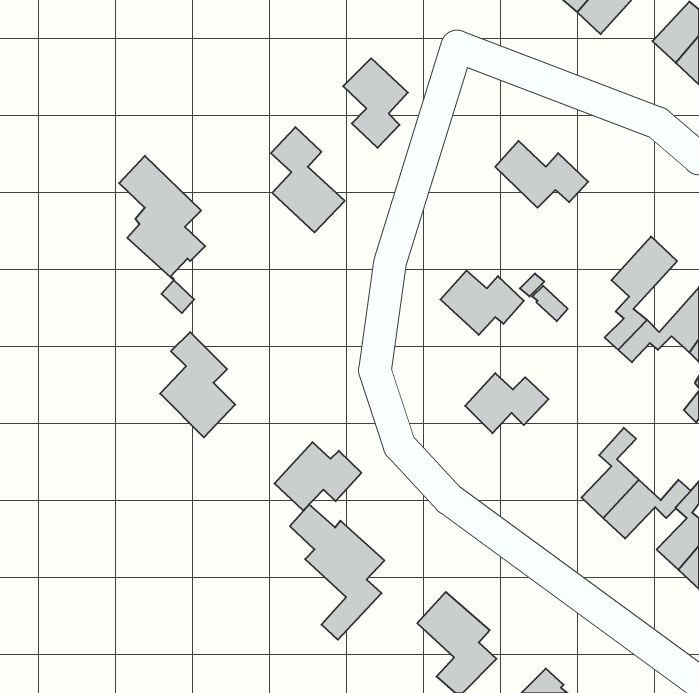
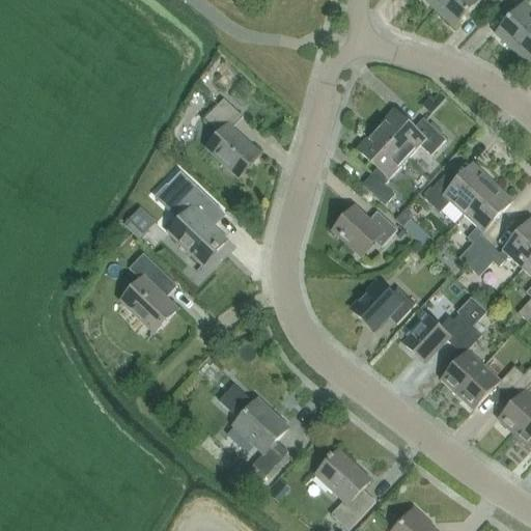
building: [343,58,408,148] -> none
building: [119,156,205,280] -> [162,169,227,263]
building: none -> [357,127,408,203]
building: none -> [423,162,494,213]
building: none -> [404,312,473,362]
building: [274,442,361,510] -> none

